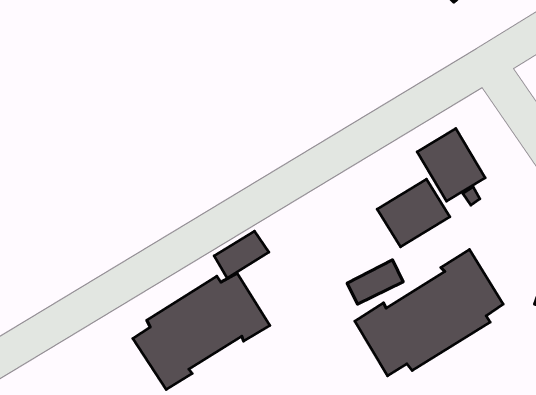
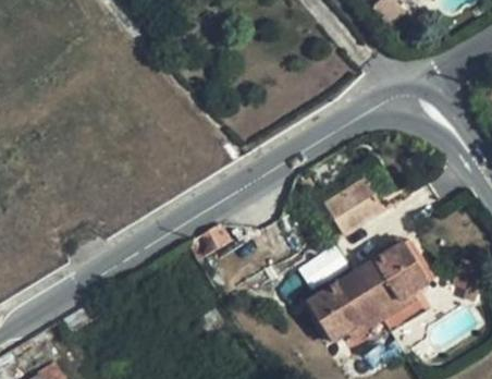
building: [417,128,485,201] -> none
building: [133,273,270,390] -> none

